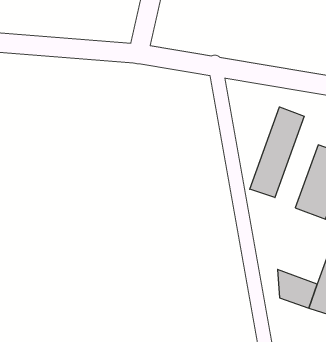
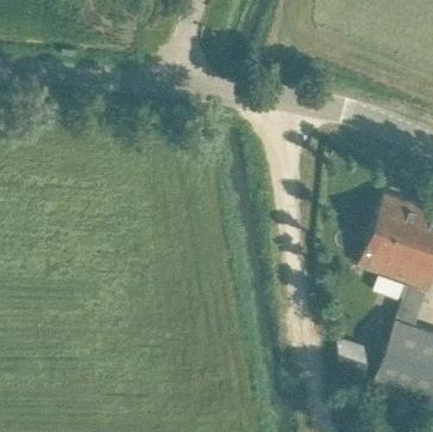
building: [250,107,304,198] -> none

